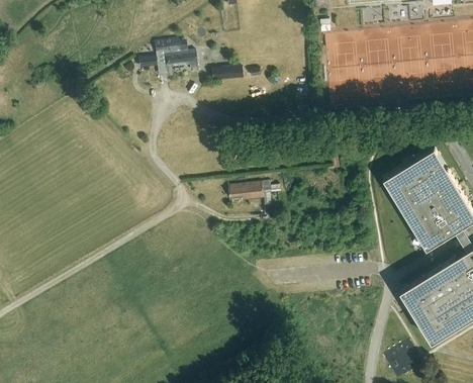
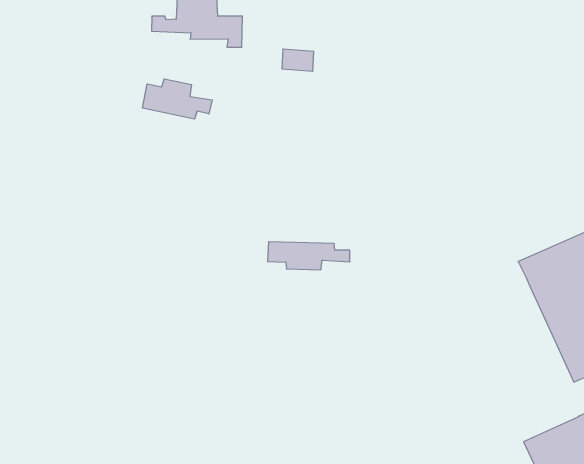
building: none -> [142,79,212,119]

